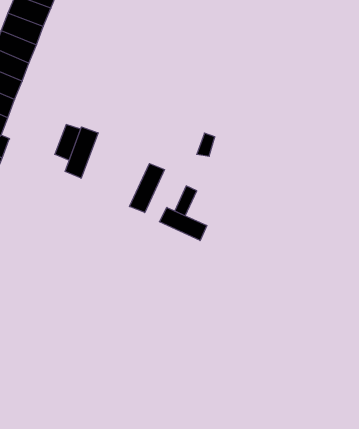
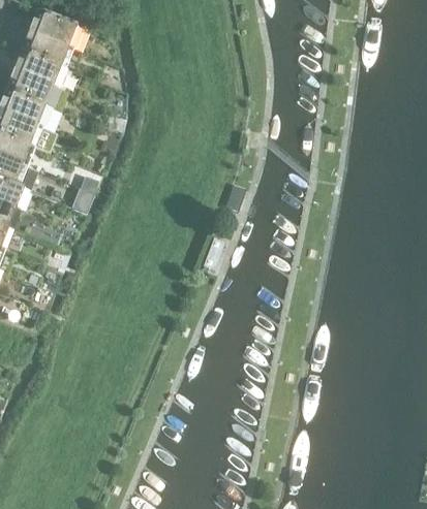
building: [65,127,98,178] -> none
building: [130,164,165,213] -> none
building: [159,207,207,241] -> none

